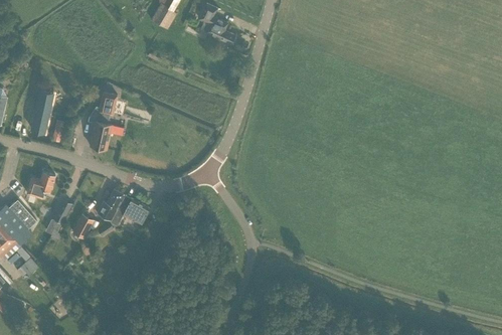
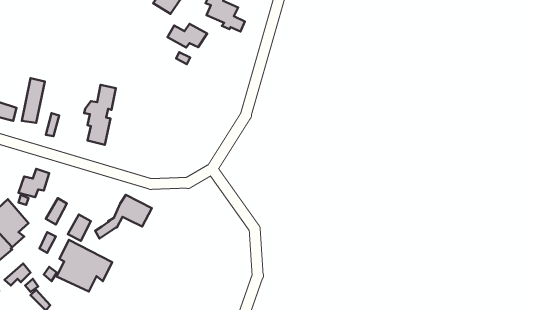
building: none -> [168,24,207,48]
building: [97,189,123,219] -> none
building: none -> [57,240,112,292]

